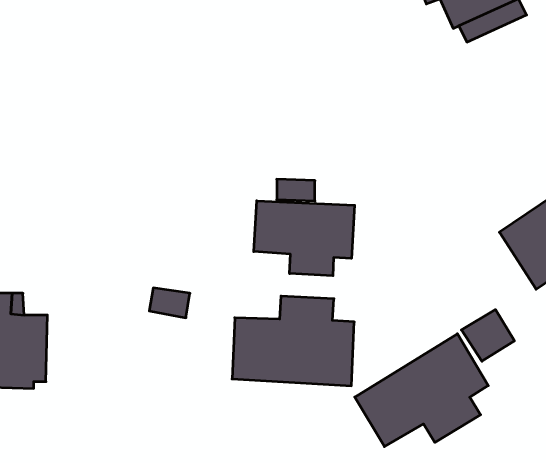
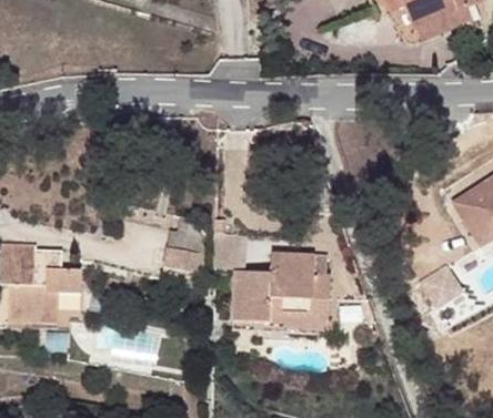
building: [254,201,355,276] -> none
building: [355,334,488,447] -> none

